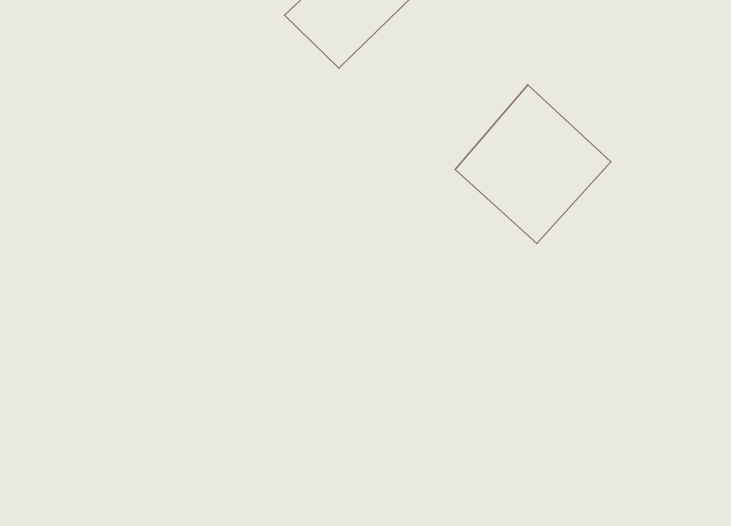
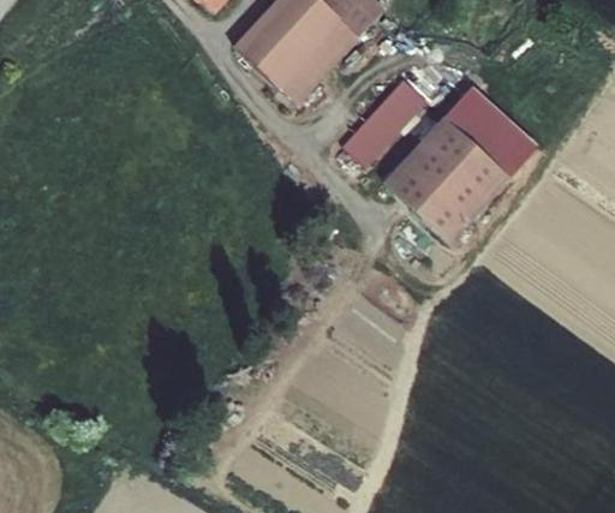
building: none -> [344,73,428,162]
building: none -> [444,87,535,174]

